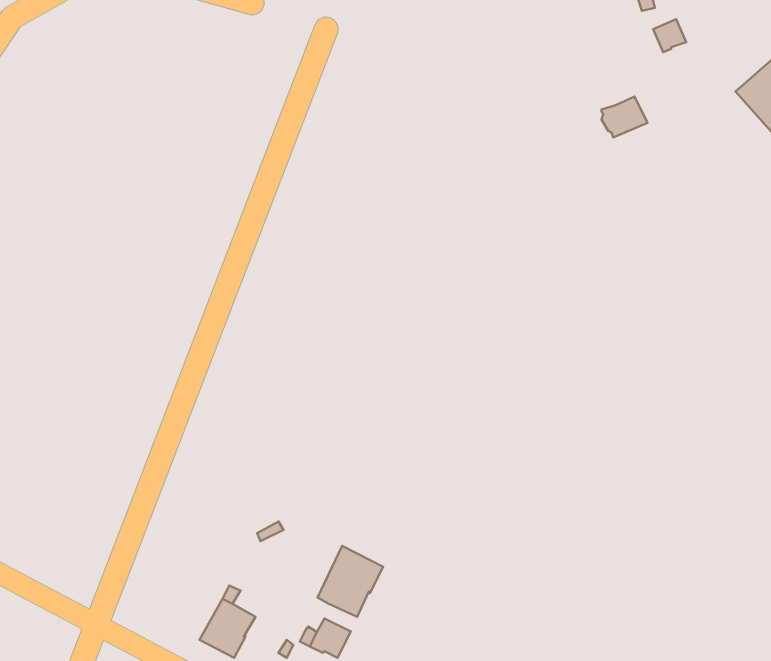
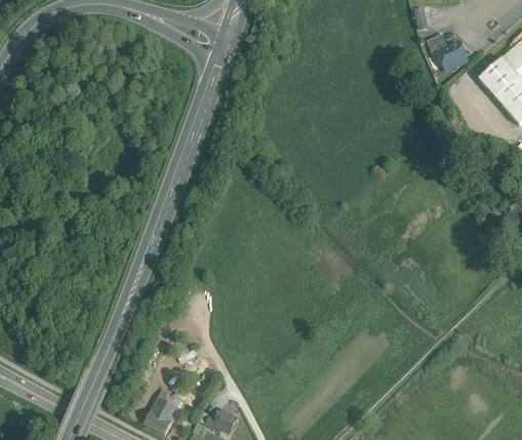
building: [602,96,648,138] -> [439,42,468,68]
building: [317,546,383,617] -> none

